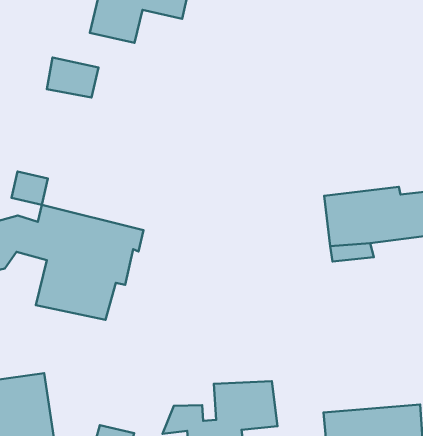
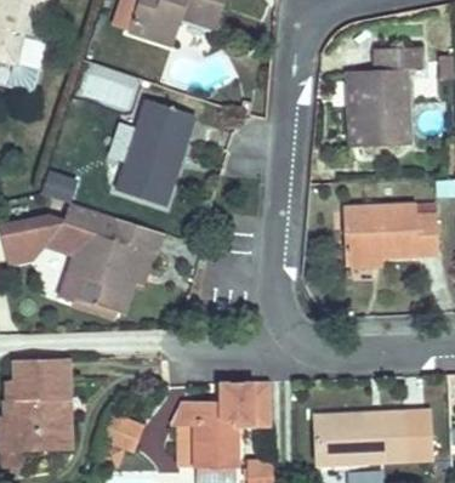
building: none -> [354,50,423,147]
building: none -> [116,106,192,205]

